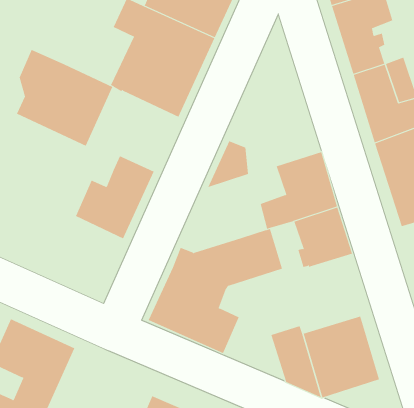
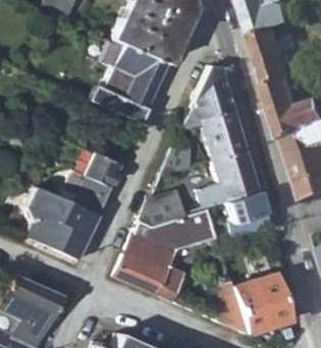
building: none -> [183,65,247,159]
building: [16,49,113,146] -> [23,185,97,258]
building: none -> [140,190,185,224]

